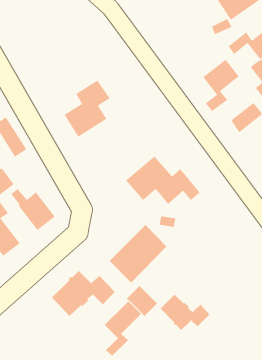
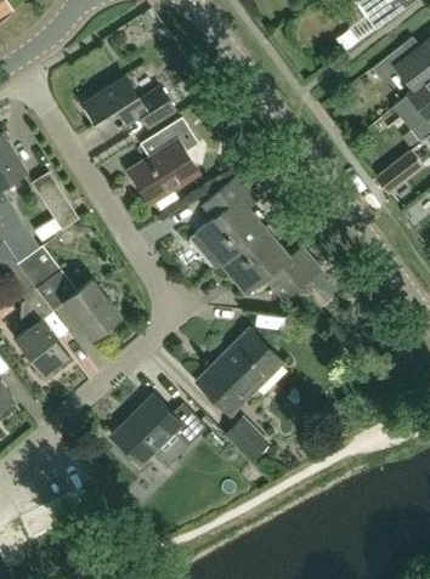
building: none -> [86,80,174,135]
building: [202,59,239,112] -> none
building: none -> [191,176,264,268]
building: [160,294,210,331] -> none
building: [104,301,142,356] -> none

